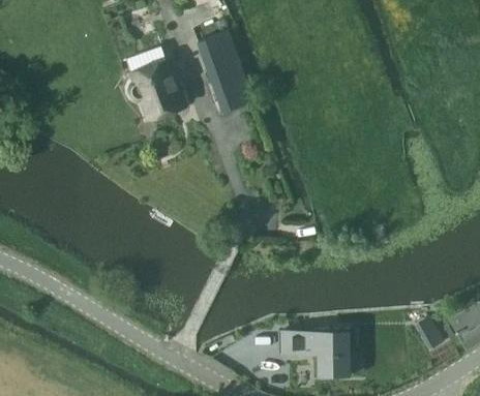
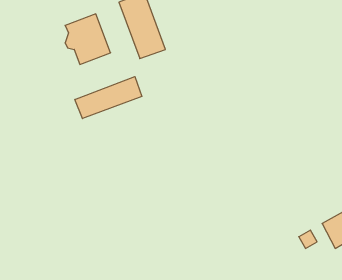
building: none -> [75,77,142,119]
building: [279,329,349,373] -> none

